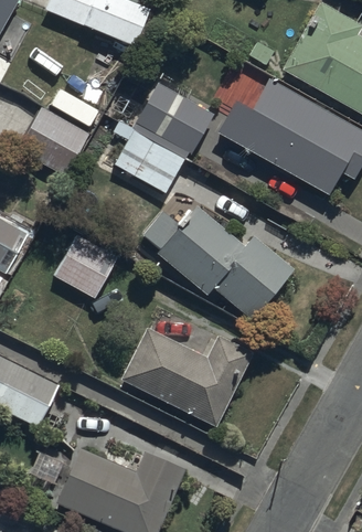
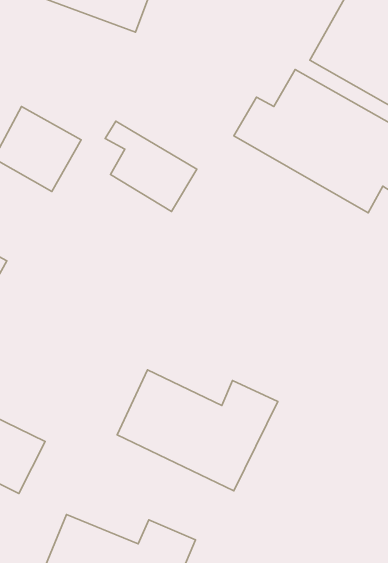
building: [132,83,213,159] -> none
building: [139,205,292,319] -> none
building: [53,237,116,300] -> none

